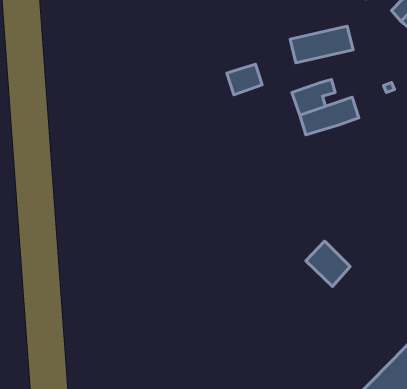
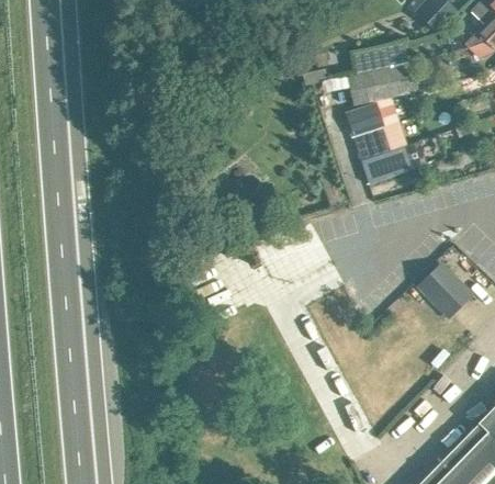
building: none -> [348,47,393,75]
building: [227,64,262,95] -> [347,102,386,136]
building: [306,241,350,286] -> [420,262,470,313]

